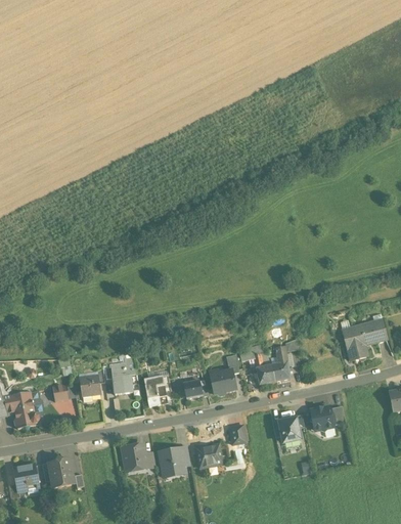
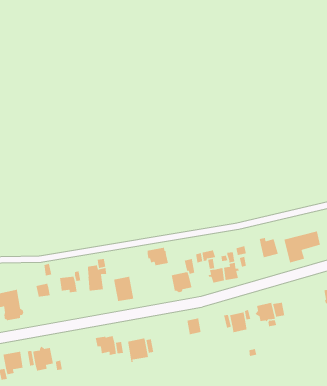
building: none -> [259,237,279,258]
building: [177,376,203,398] -> [147,247,169,266]
building: [196,443,223,467] -> none

